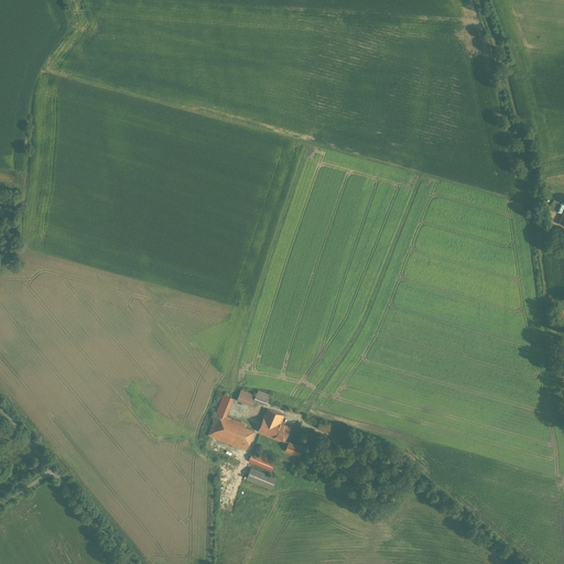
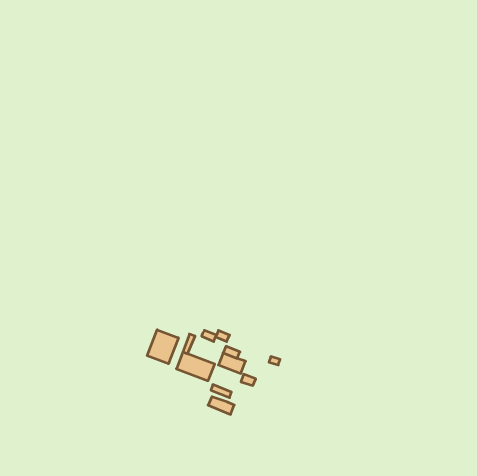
building: none -> [147,330,178,364]

